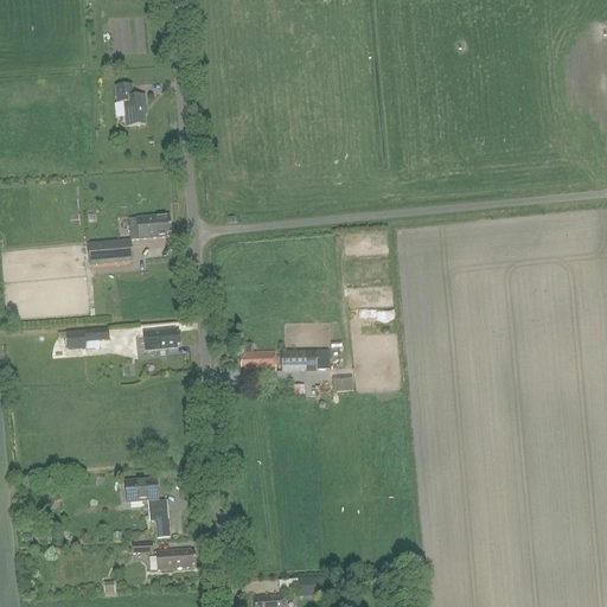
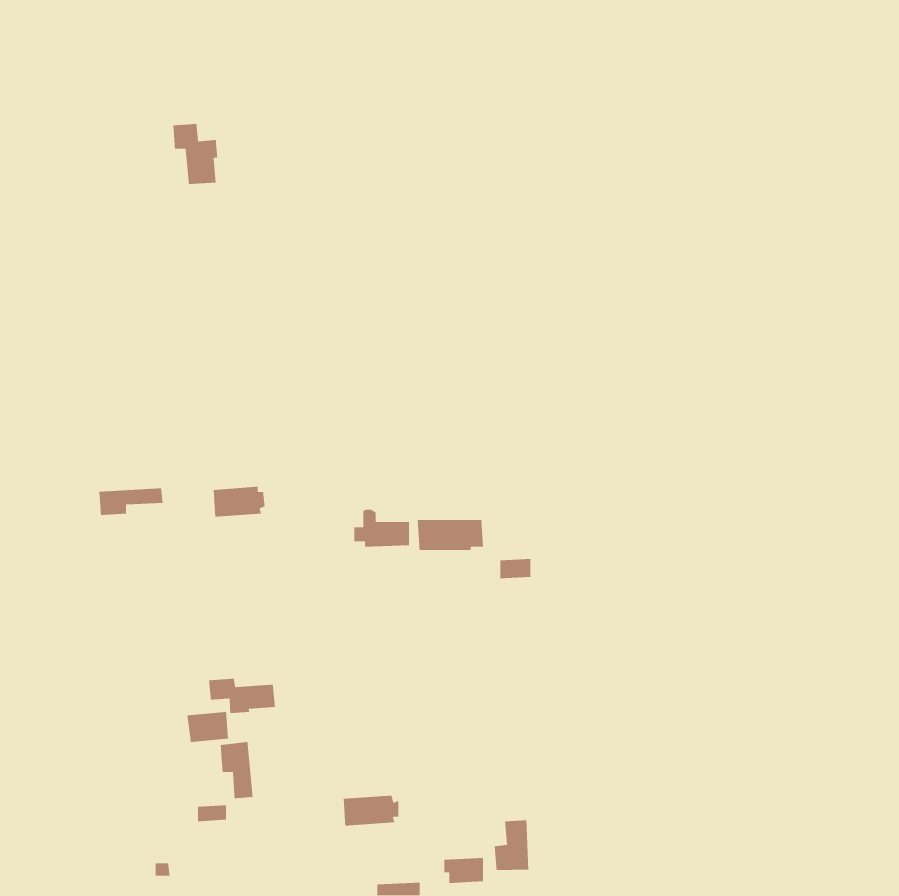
building: [88,213,171,263] -> none
building: none -> [208,678,276,714]
building: [158,547,196,568] -> [343,795,399,826]
building: none -> [494,820,529,871]

